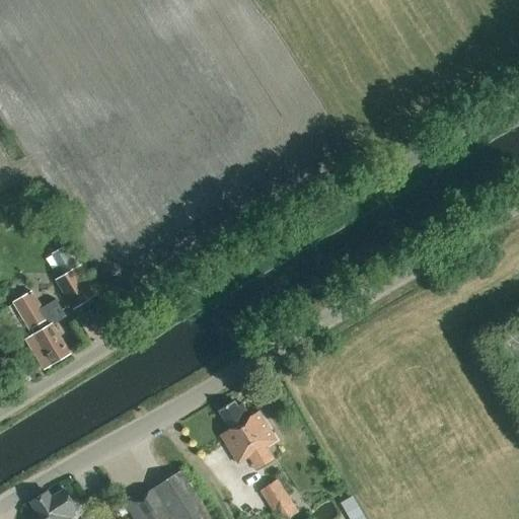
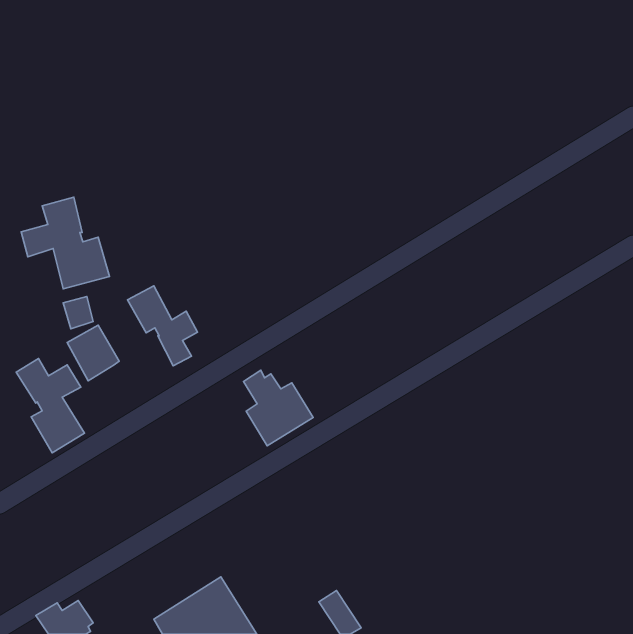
building: none -> [21,197,109,289]
building: none -> [128,286,197,366]
building: [219,402,276,464] -> [244,370,313,446]

